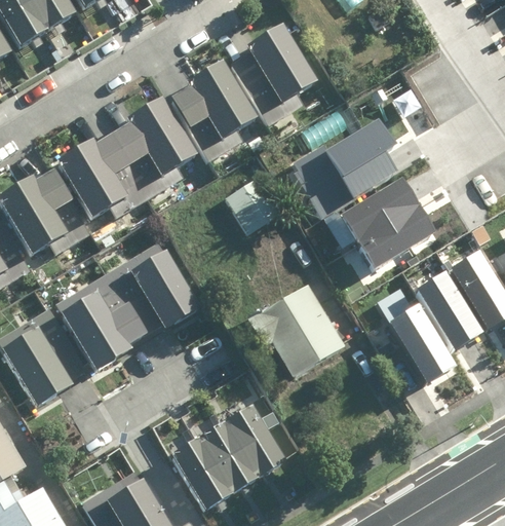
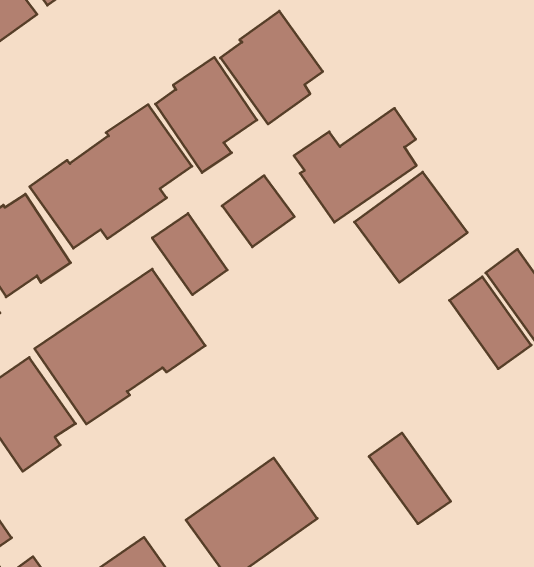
building: none -> [152,213,227,295]
building: [246,281,345,375] -> none
building: [385,299,453,378] -> [369,433,451,524]

